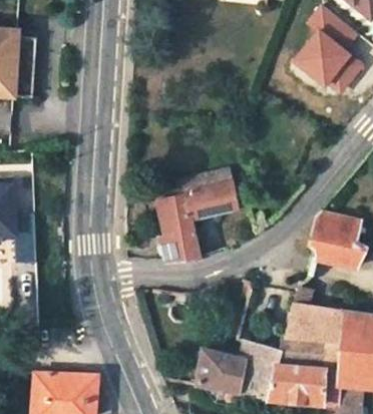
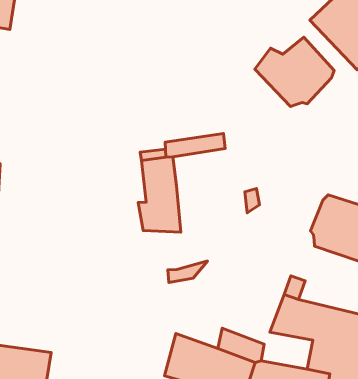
building: none -> [255,37,334,106]
building: [184,180,237,219] -> none
building: [281,337,324,367] -> none

